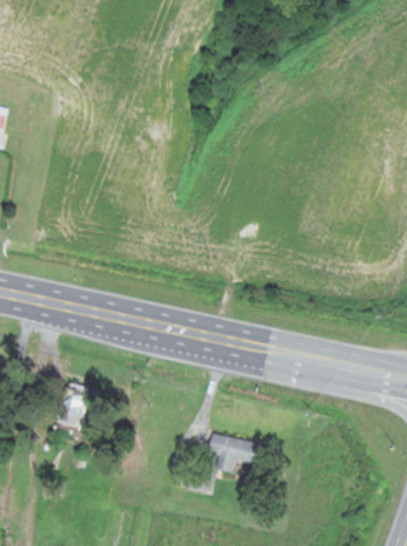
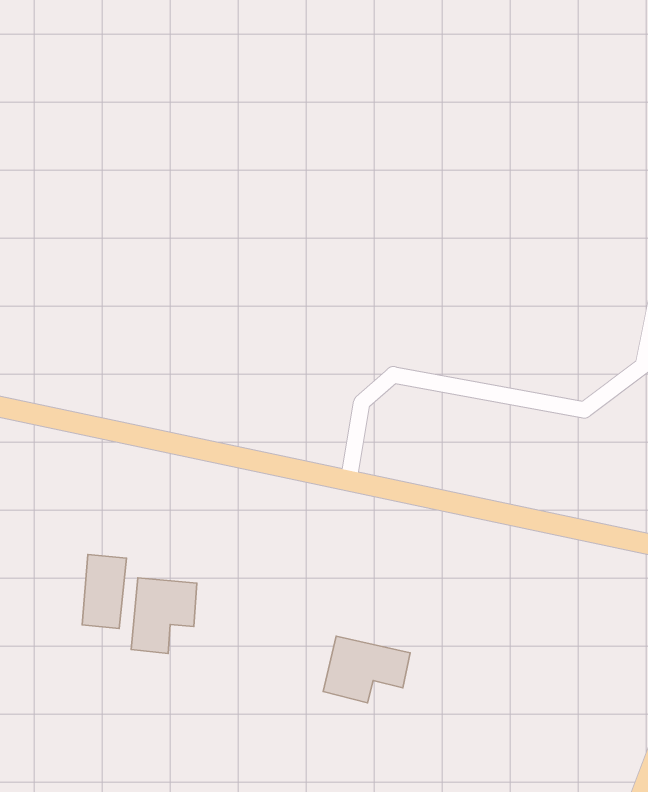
building: none -> [131,578,197,654]

